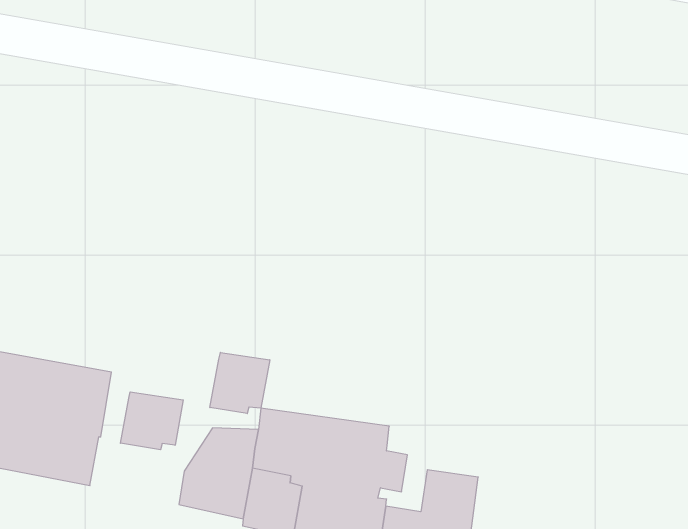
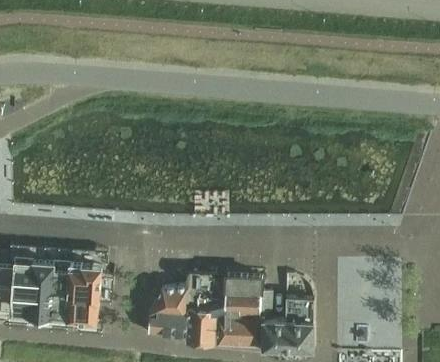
building: [210,352,270,414] -> none
building: [120,392,183,450] -> none

